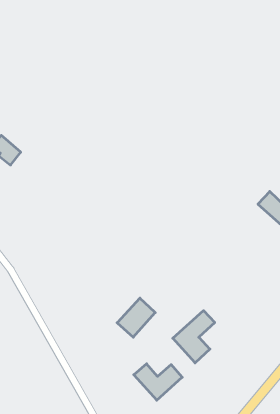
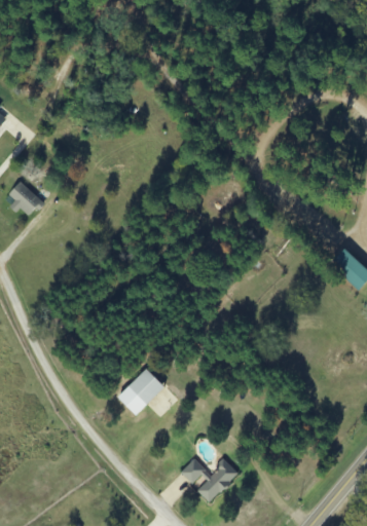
building: [117,298,155,337] -> [117,368,163,415]
building: [173,311,215,363] -> none

